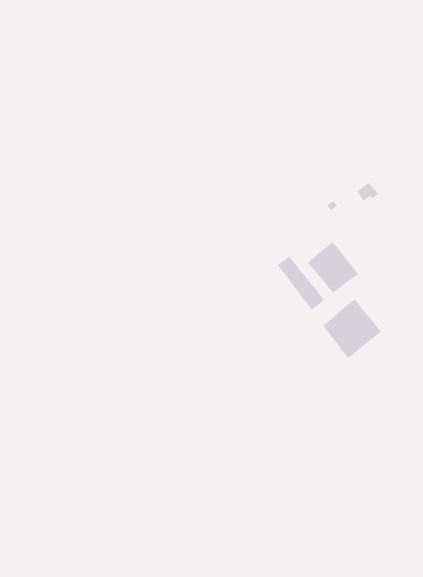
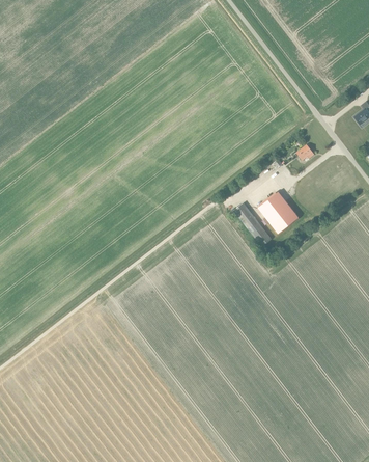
building: [322,298,382,359] -> none

